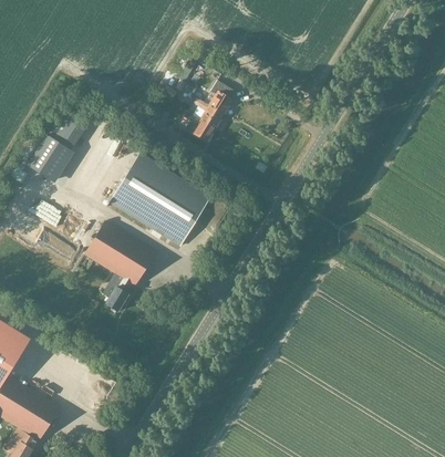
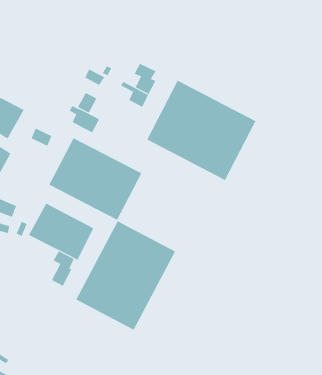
building: none -> [147,80,256,181]
building: [184,110,216,141] -> [69,106,100,133]
building: none -> [76,220,176,330]

